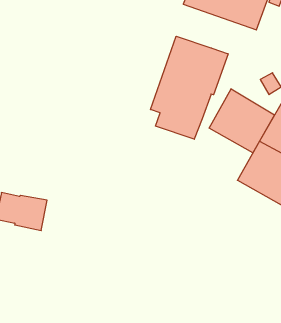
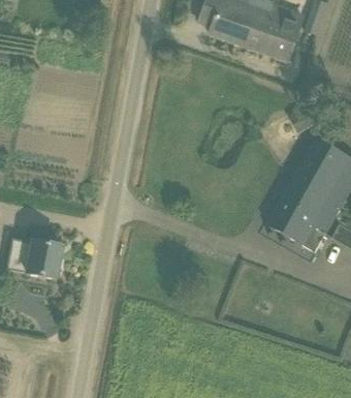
building: [151,36,228,139] -> none
building: [209,89,274,153] -> none

